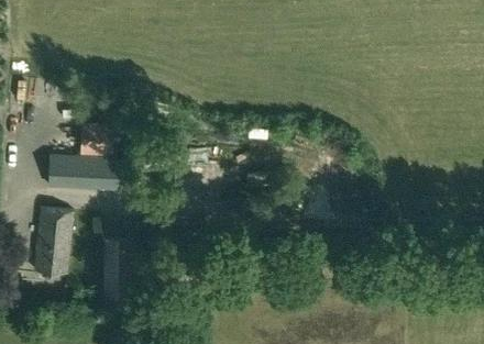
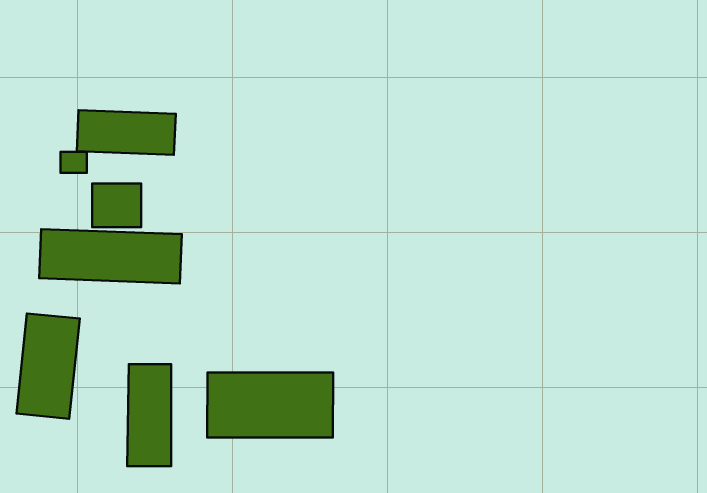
building: none -> [77,110,176,155]
building: none -> [207,373,333,438]

